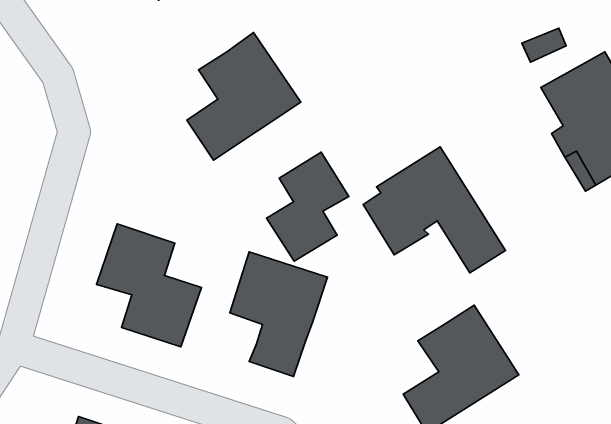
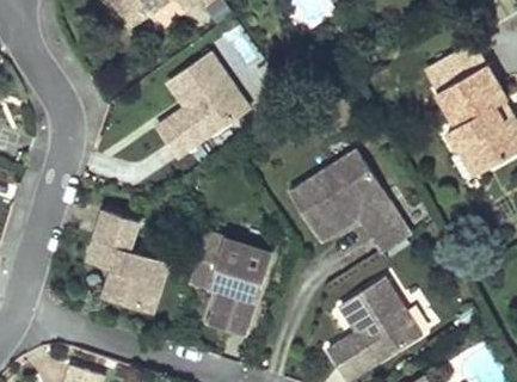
building: [267,152,349,261] -> none

